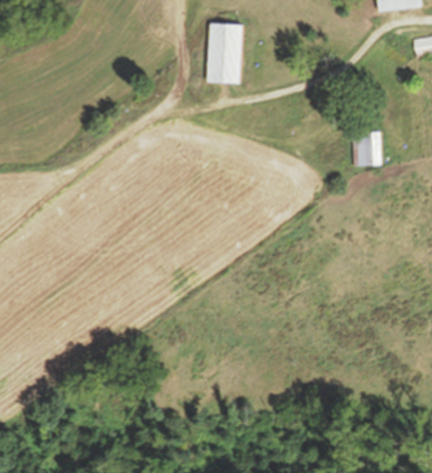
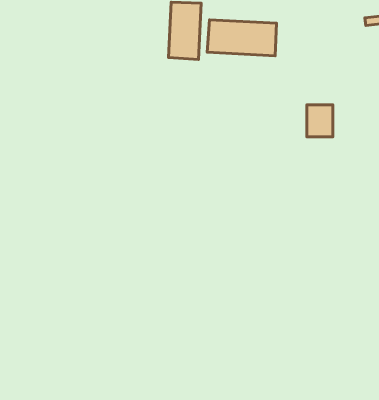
building: none -> [207,20,276,56]

